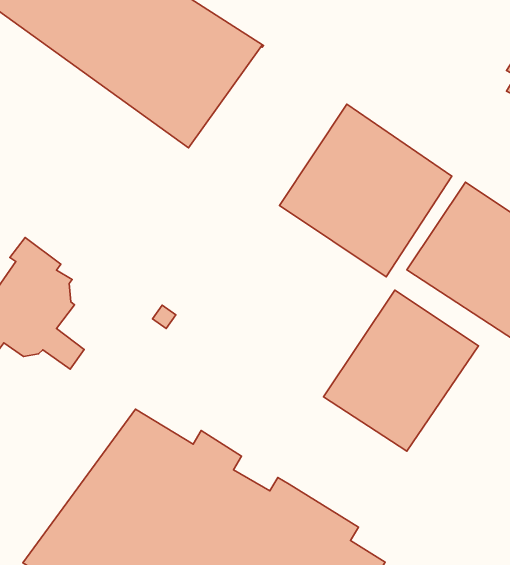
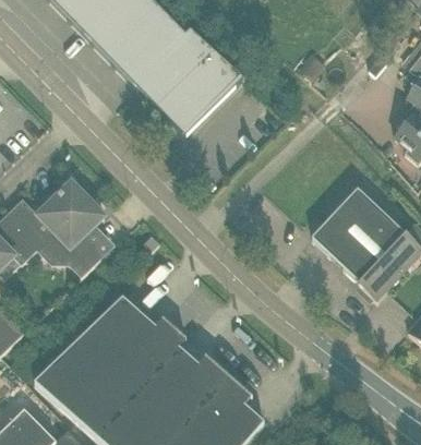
building: [279,104,452,277] -> none
building: [323,290,479,451] -> none

